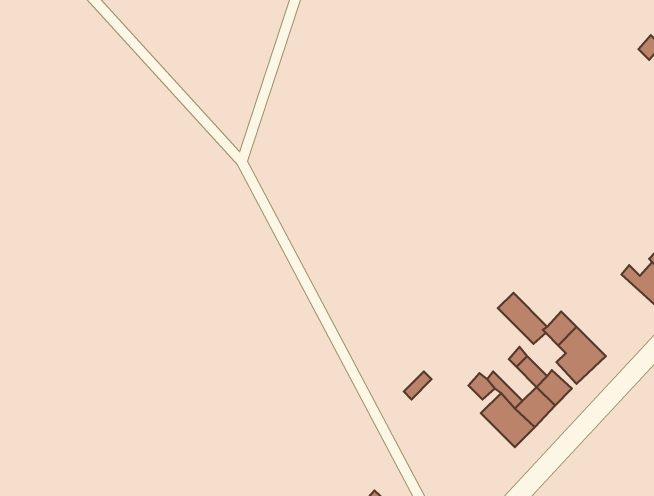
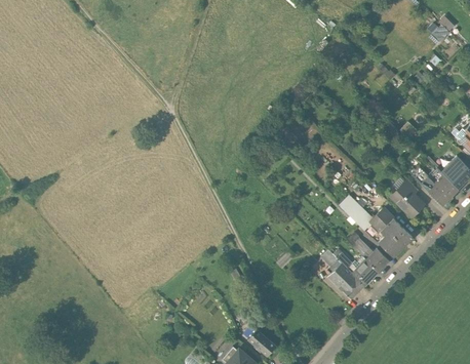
building: none -> [390,181,423,217]

